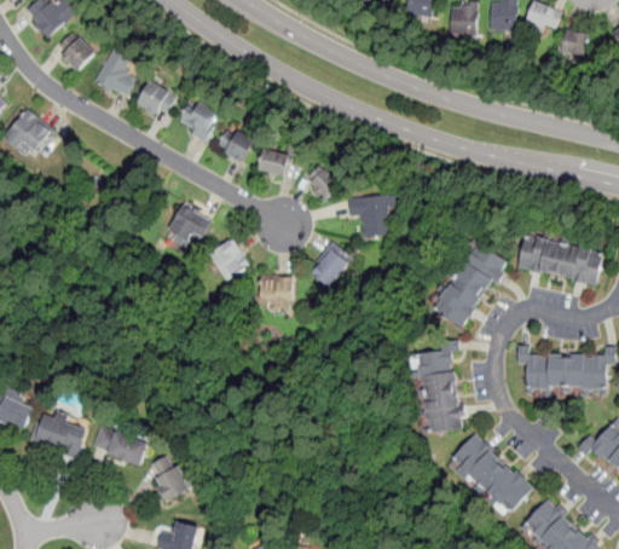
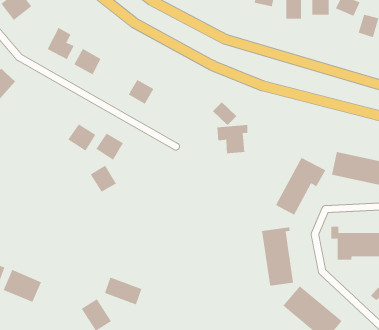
building: [57,34,94,71] -> none
building: [177,98,220,141] -> none
building: [258,148,290,177] -> none
building: [305,164,342,201] -> [212,102,237,126]
building: none -> [68,124,96,151]
building: [209,239,249,281] -> [90,165,117,192]
building: [308,242,352,288] -> none
building: [261,274,293,308] -> none
building: [92,424,149,467] -> [104,277,142,305]

